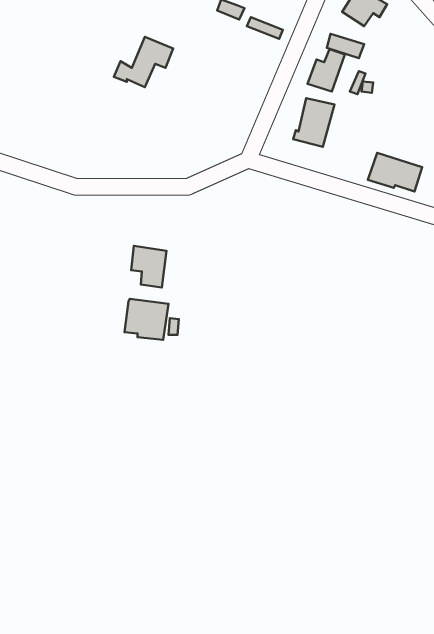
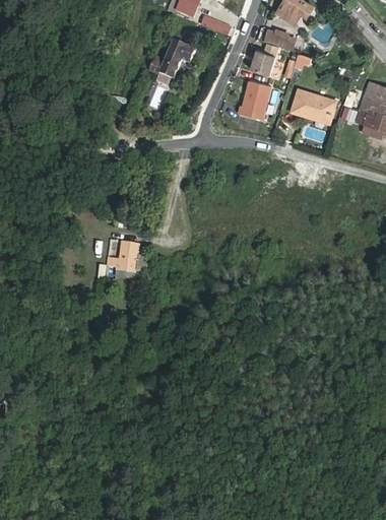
building: [114,37,173,87] -> [149,39,196,78]
building: [368,153,422,192] -> [292,89,334,120]
building: [131,246,167,287] -> none

